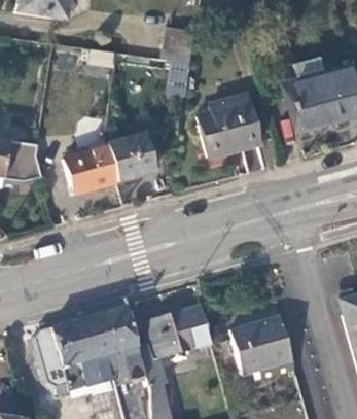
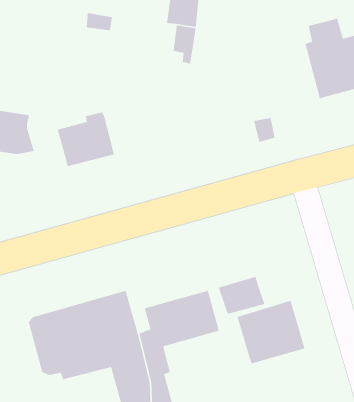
building: [198,96,260,156] -> none
building: [107,136,154,181] -> none
building: none -> [218,276,266,315]

